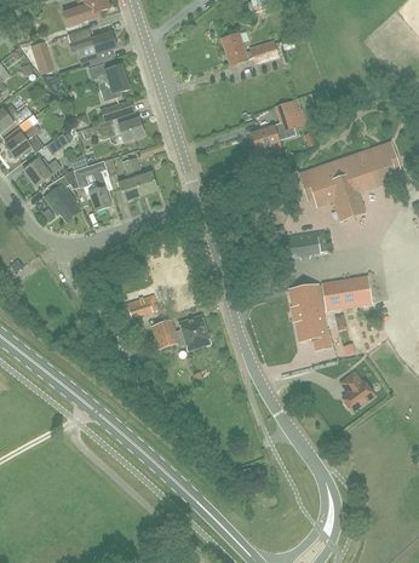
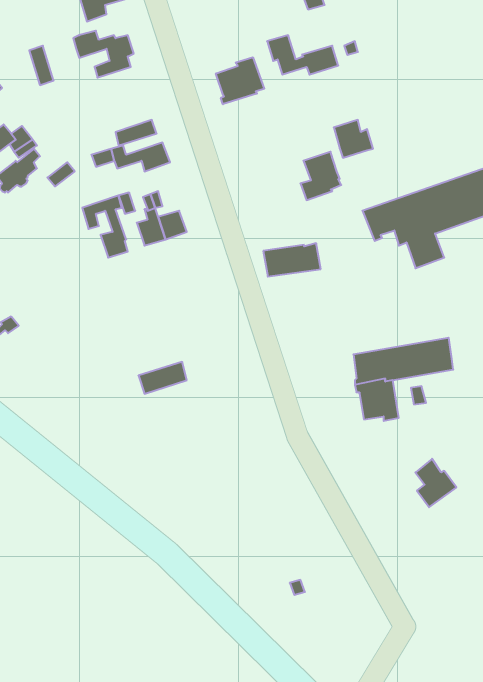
building: none -> [216,57,264,104]
building: [97,64,128,102] -> none
building: [23,159,61,186] -> none
building: [44,174,79,220] -> none
building: [281,231,327,258] -> [263,243,321,277]
building: [153,315,211,351] -> none

